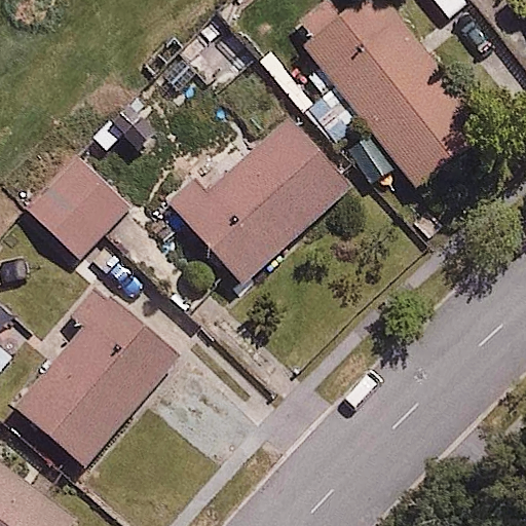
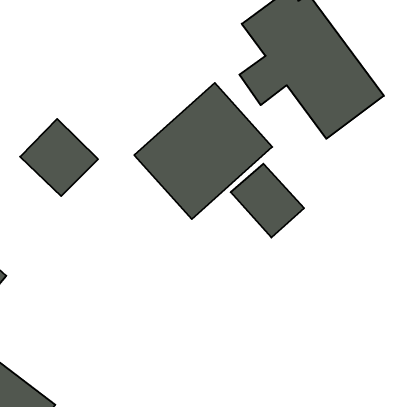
building: none -> [231,164,304,238]
building: [12,283,180,463] -> none

